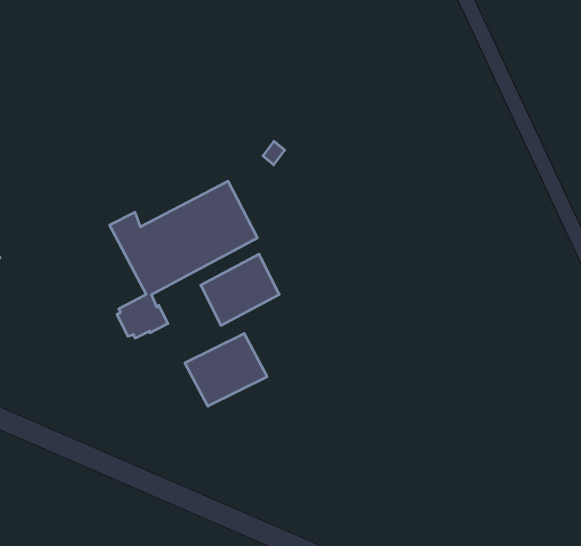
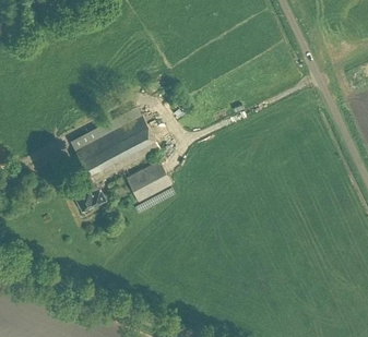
building: [185,333,267,406] -> none

